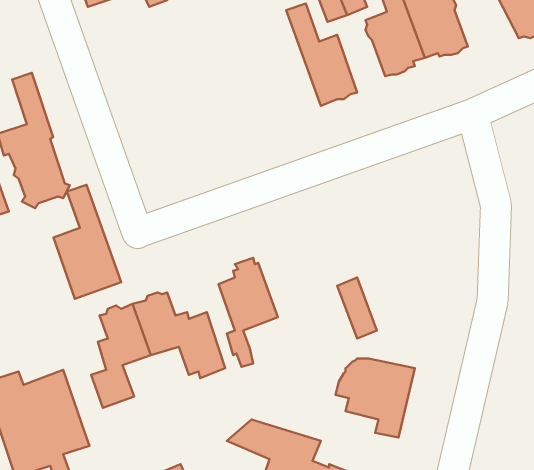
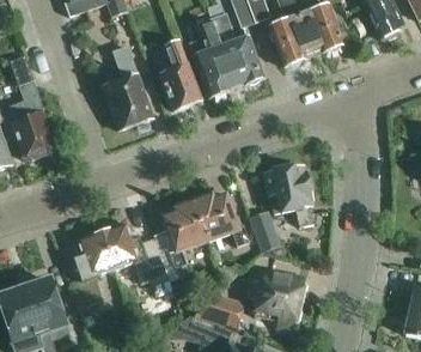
building: none -> [190,17,237,96]
building: none -> [160,40,201,109]
building: [53,185,121,299] -> [103,45,152,128]
building: none -> [264,164,313,225]
building: none -> [191,190,249,244]
building: none -> [202,293,243,327]

